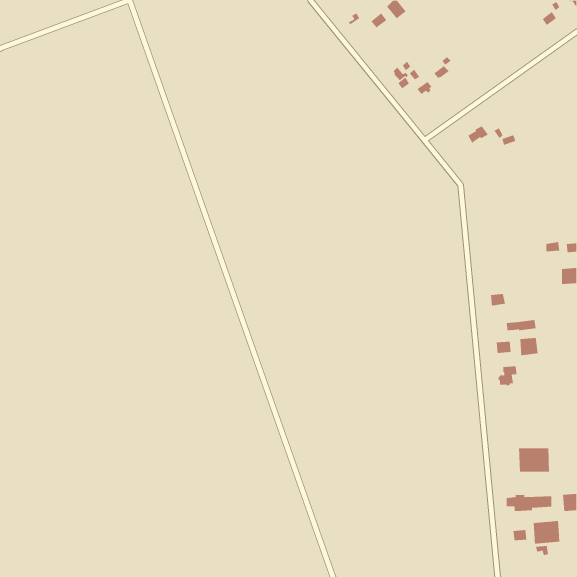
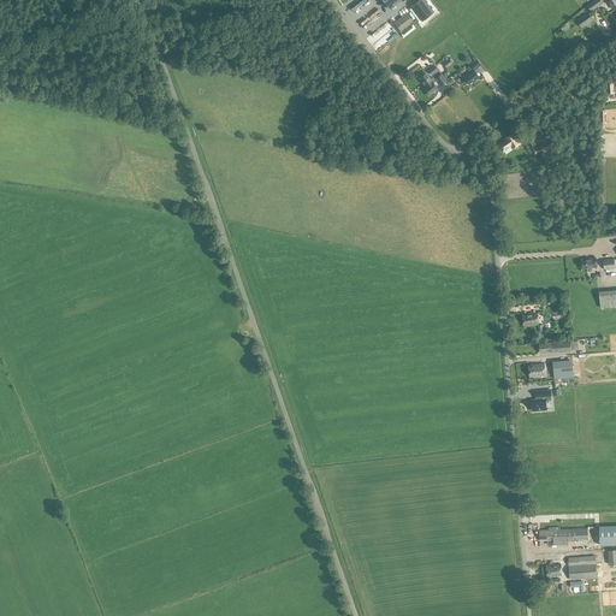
building: [518,448,550,472] -> none

